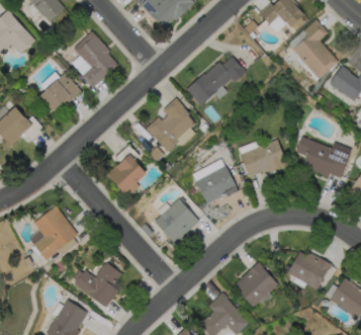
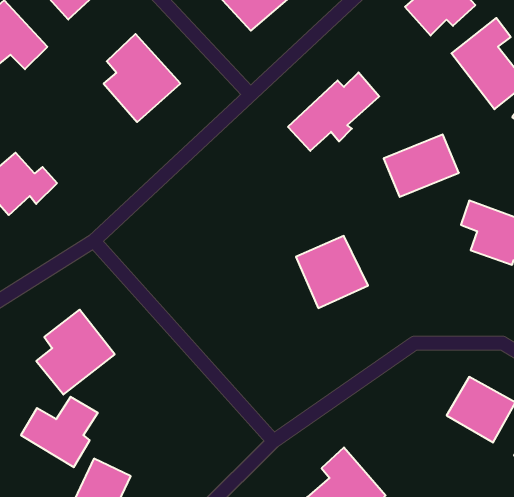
building: [39,73,81,111] -> none
building: [146,100,196,152] -> none
building: [240,139,287,178] -> [384,134,459,197]
building: [107,154,147,196] -> none
building: [152,198,199,244] -> none
building: [74,262,122,307] -> [21,397,98,467]
building: [234,262,278,309] -> none

